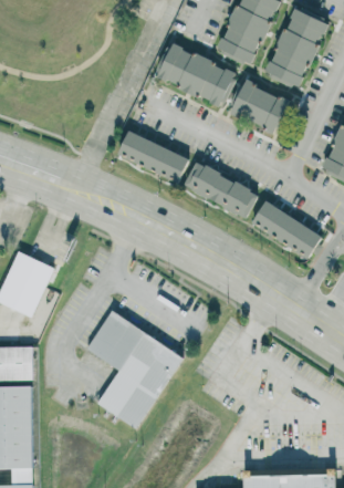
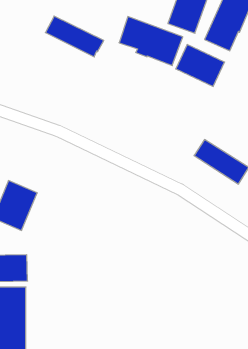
building: [116,129,190,181] -> [45,16,104,57]
building: [184,164,259,217] -> none
building: [87,312,184,429] -> none

